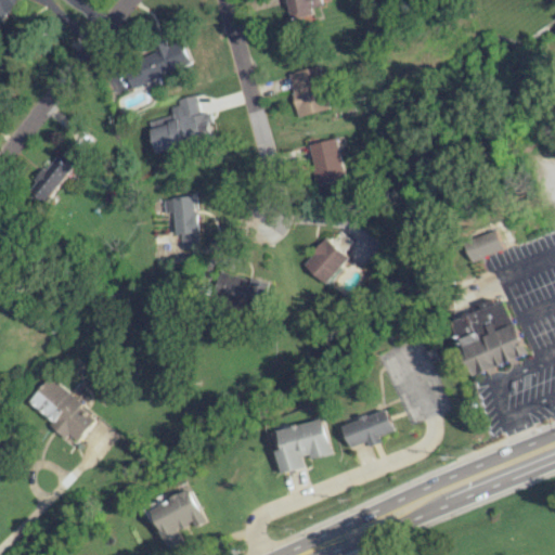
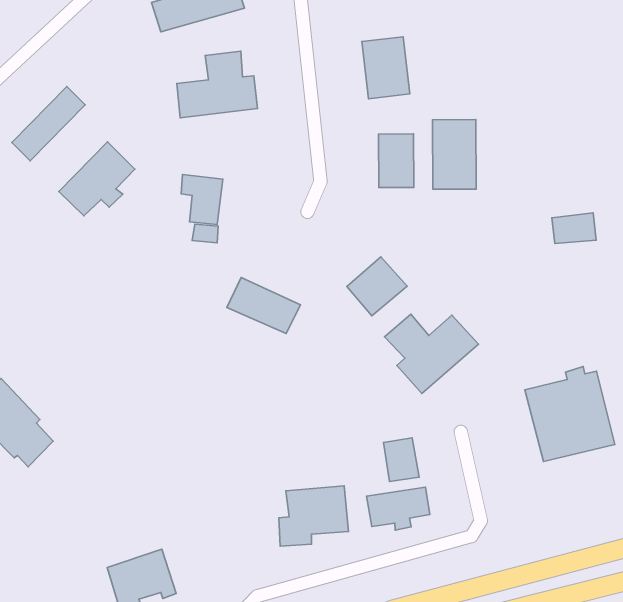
building: none -> [433,120,476,189]
building: none -> [59,142,135,216]
building: [468,231,505,259] -> [552,213,596,244]
building: none -> [385,314,478,394]
building: none -> [383,438,419,481]

